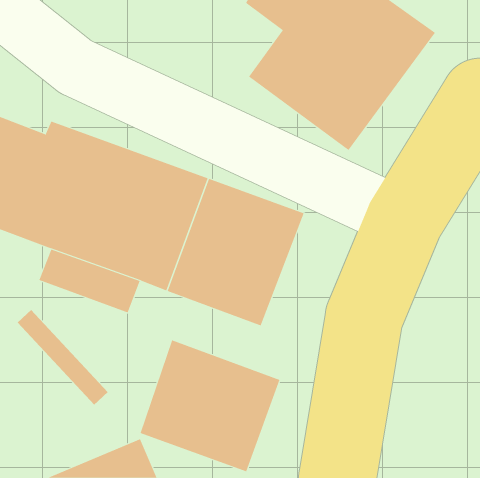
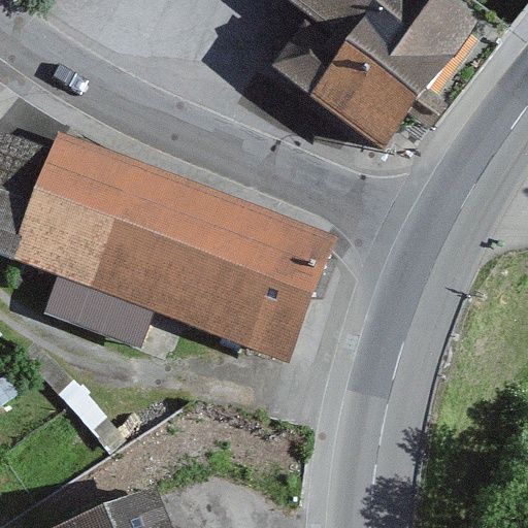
building: [140,340,280,472] -> none

